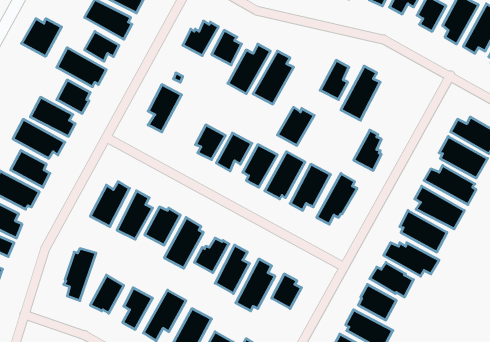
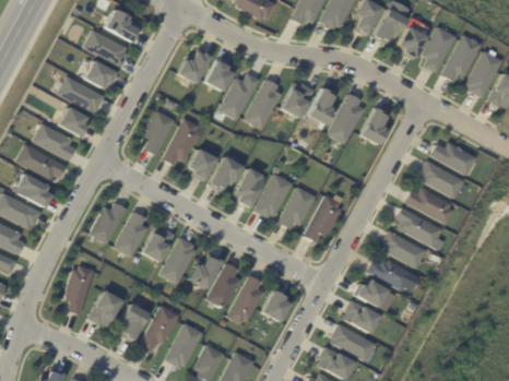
building: [21,19,62,56] -> none
building: none -> [164,118,201,166]
building: [277,107,314,145] -> [280,82,315,118]
building: [354,130,381,170] -> [359,107,386,145]

